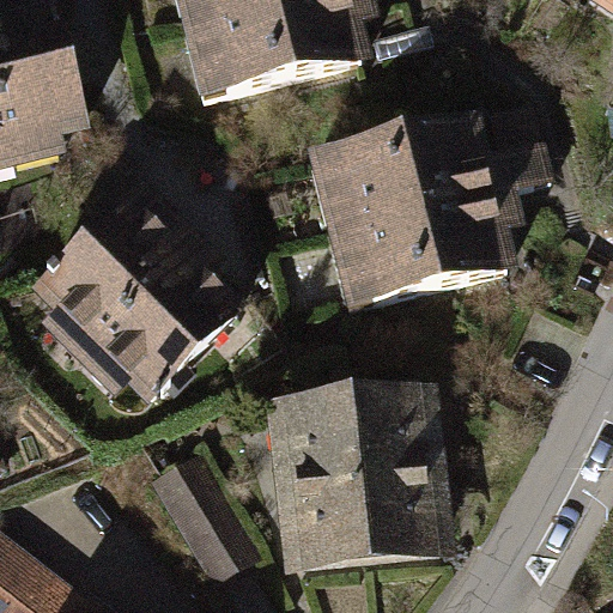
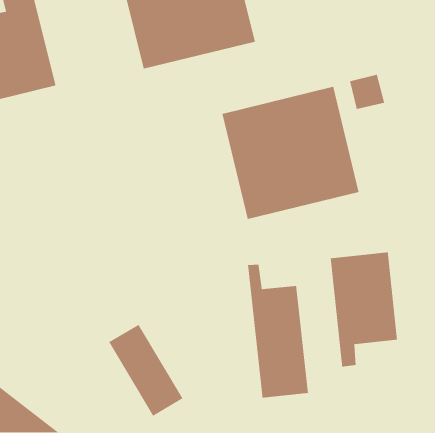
building: [40,202,232,394] -> none
building: none -> [330,251,398,367]
building: [283,369,365,563] -> none

